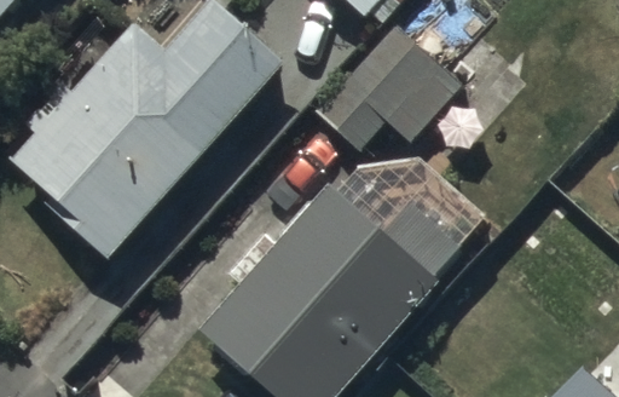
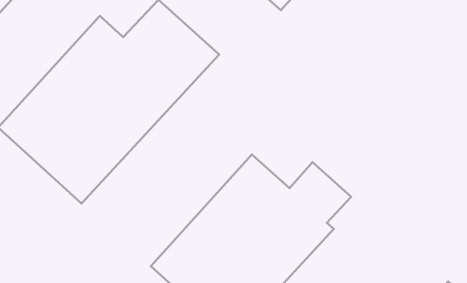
building: [305,34,456,168] -> none

